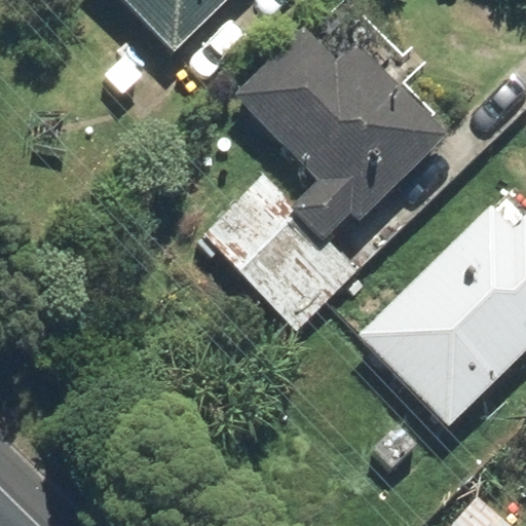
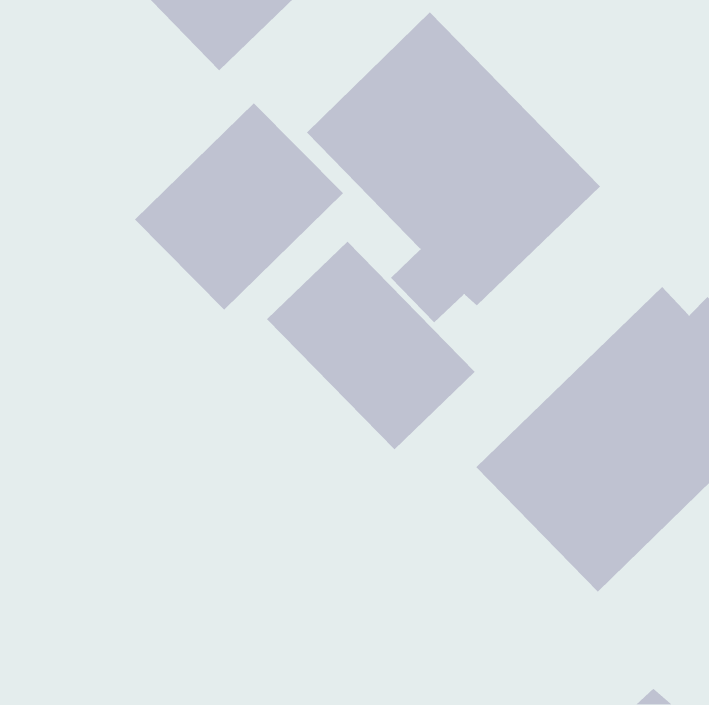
building: none -> [134,102,344,310]

